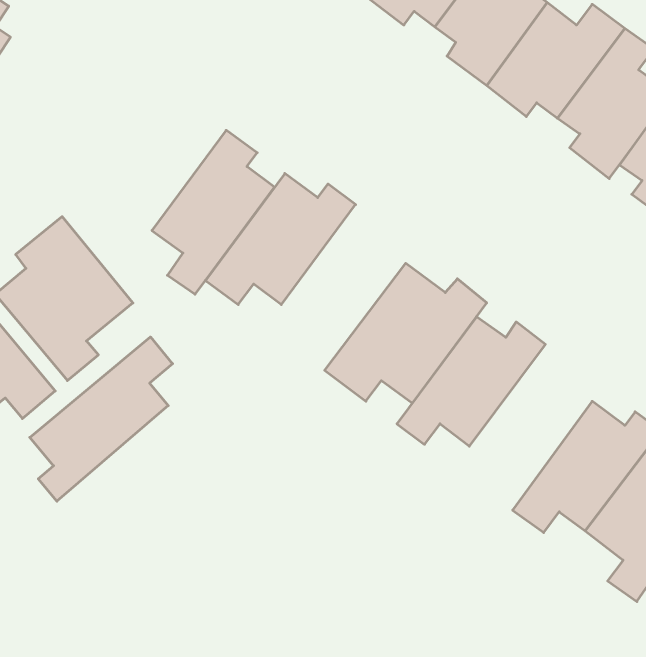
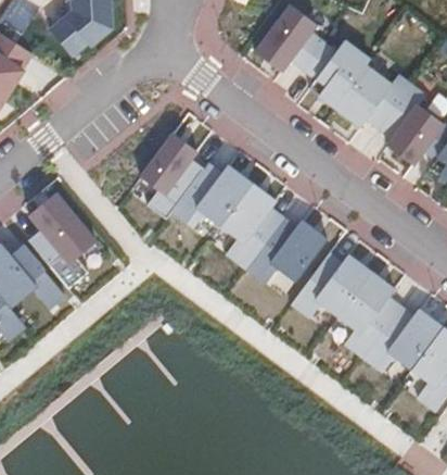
building: none -> [205,177,283,282]
building: [30,337,173,501] -> none
building: none -> [323,265,400,370]

